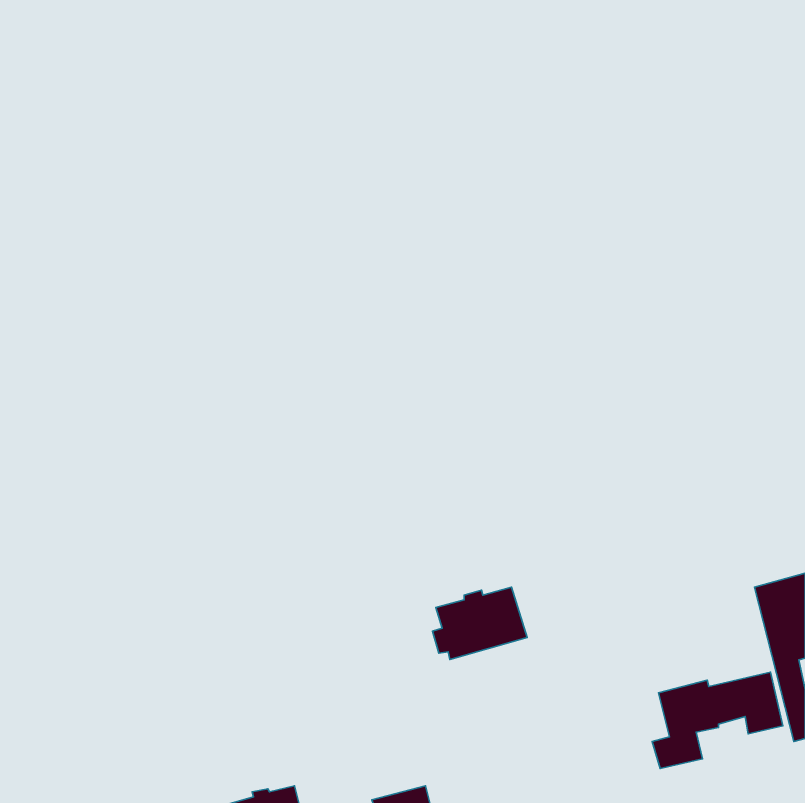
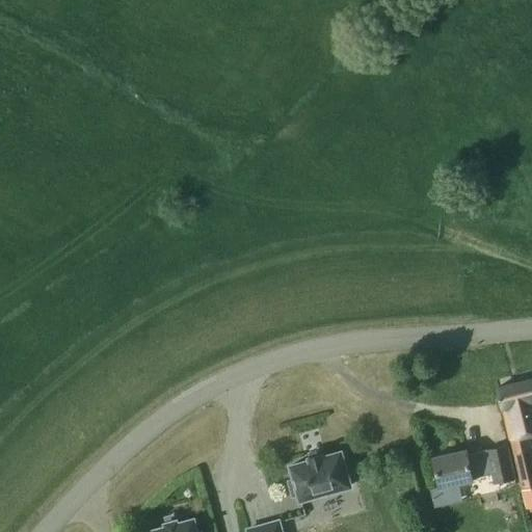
building: [433,587,527,660] -> [289,453,351,501]

